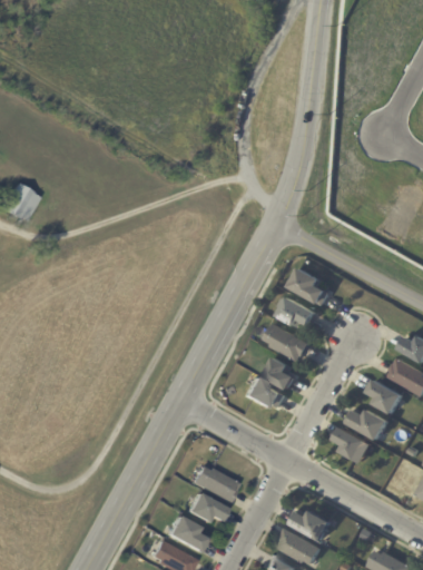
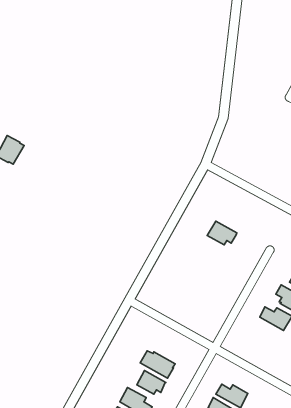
building: [288,267,329,305] -> none
building: [266,323,311,362] -> none
building: [264,356,295,389] -> none
building: [242,376,286,410] -> none
building: [336,426,367,459] -> none

